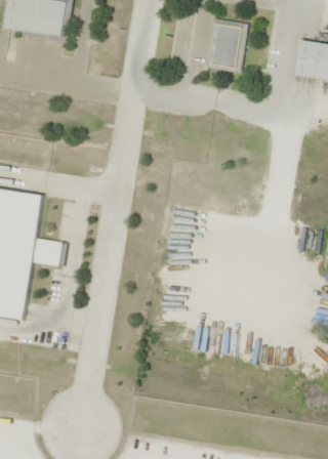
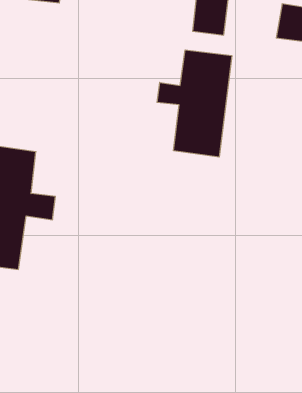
building: none -> [157,50,232,157]

